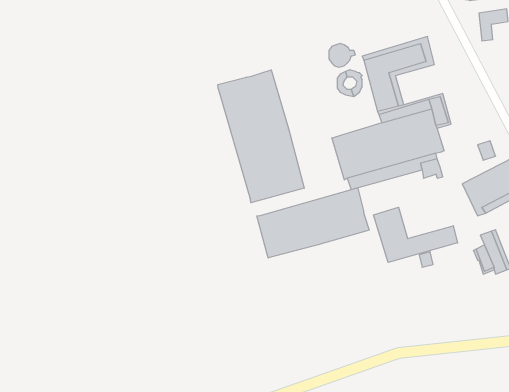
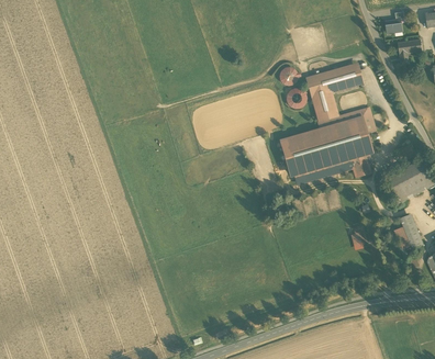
building: [218,70,304,203] -> none
building: [257,188,369,258] -> none
building: [373,207,458,262] -> none

